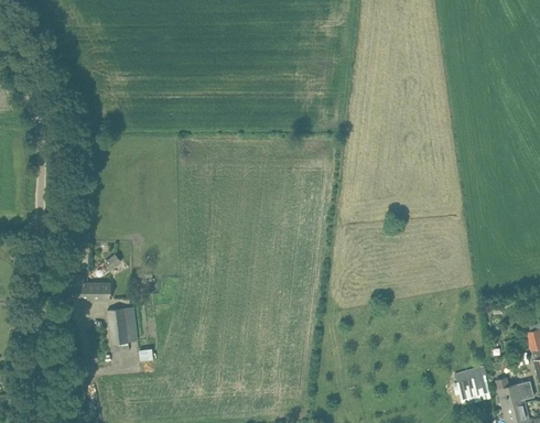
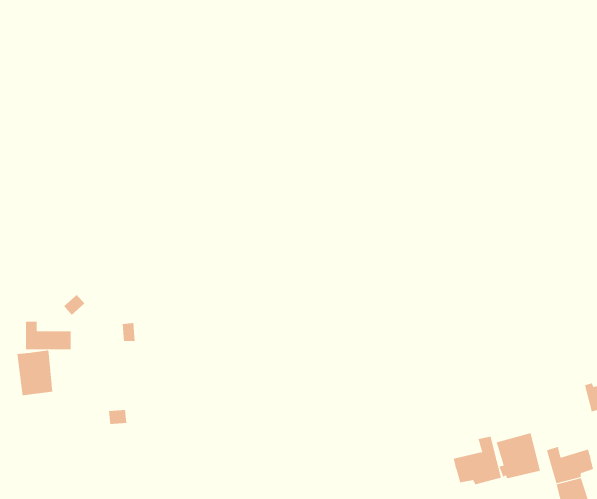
building: [108,306,138,344] -> [16,350,53,396]
building: none -> [453,436,502,485]

